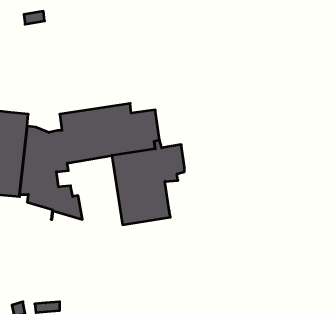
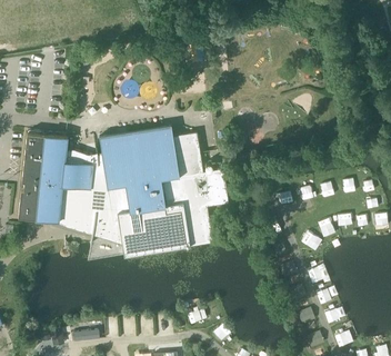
building: none -> [96,179,163,256]

